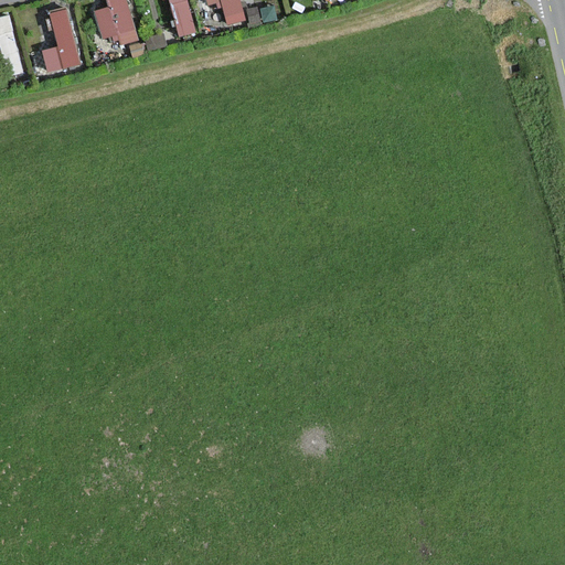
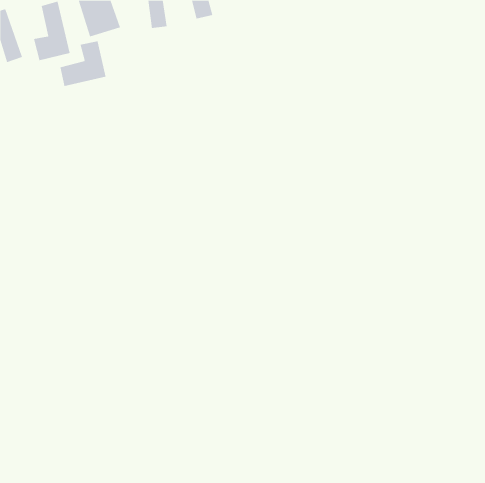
building: none -> [60,40,106,87]

